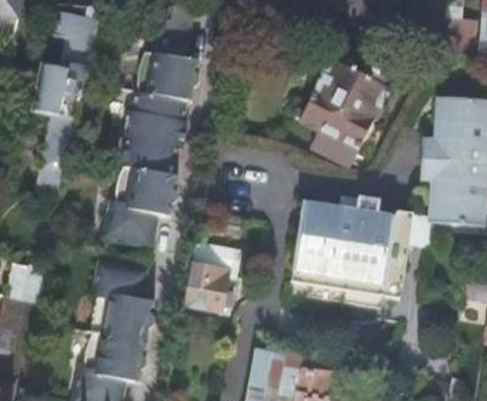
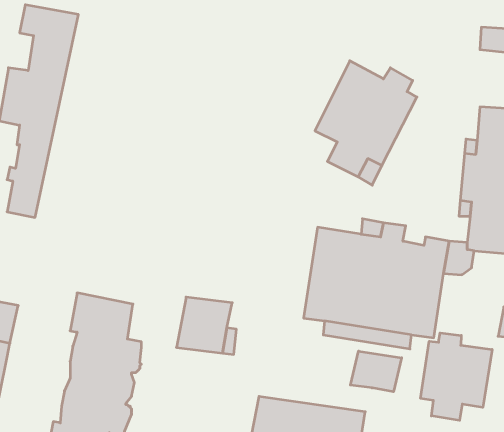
building: [102,31,199,245] -> none
building: none -> [421,333,492,420]
building: none -> [350,351,402,392]

